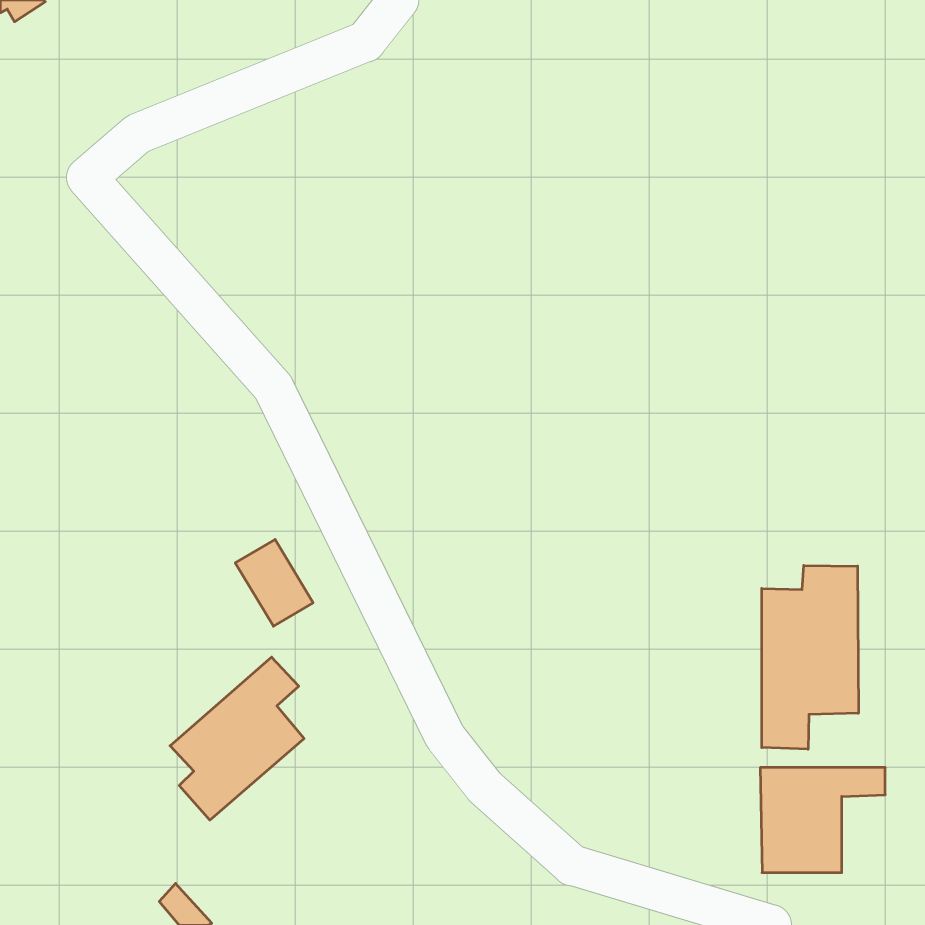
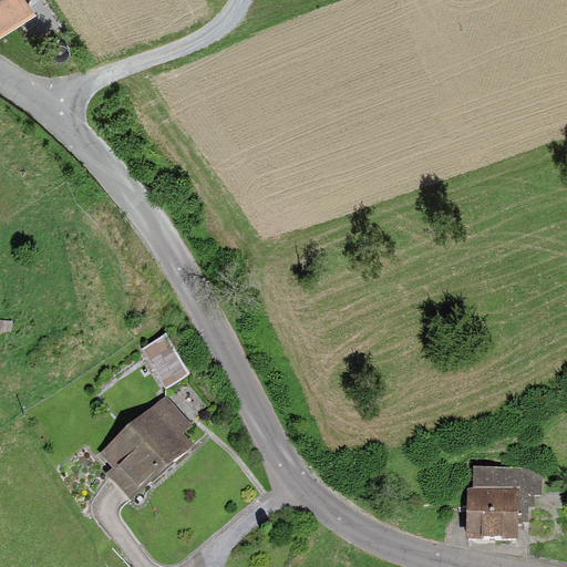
building: [762,565,858,749] -> none

